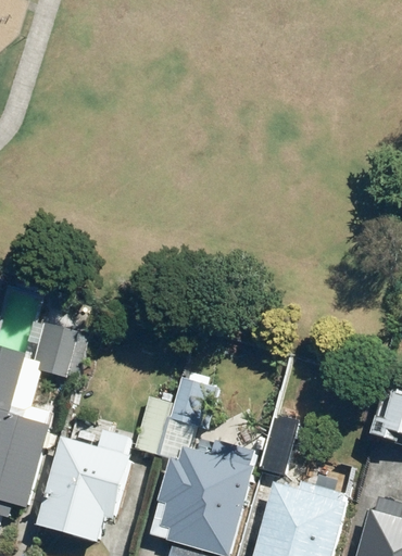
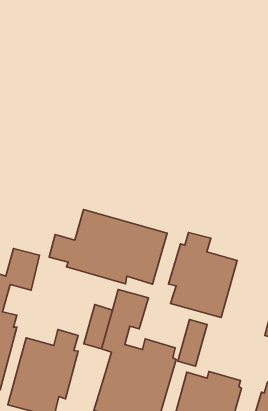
building: none -> [49,210,167,284]
building: none -> [168,232,237,318]

